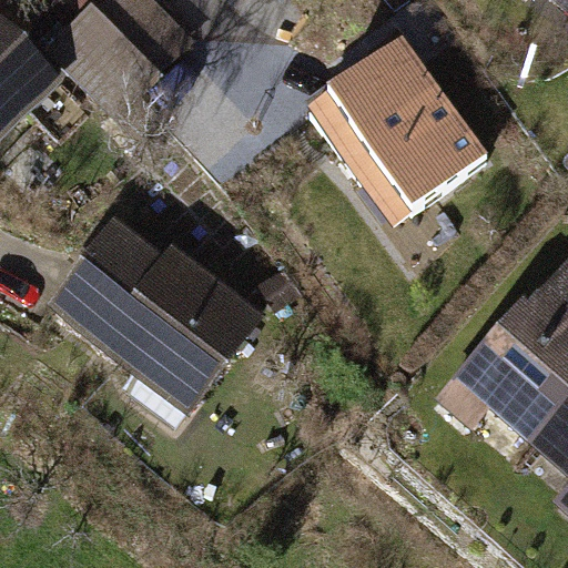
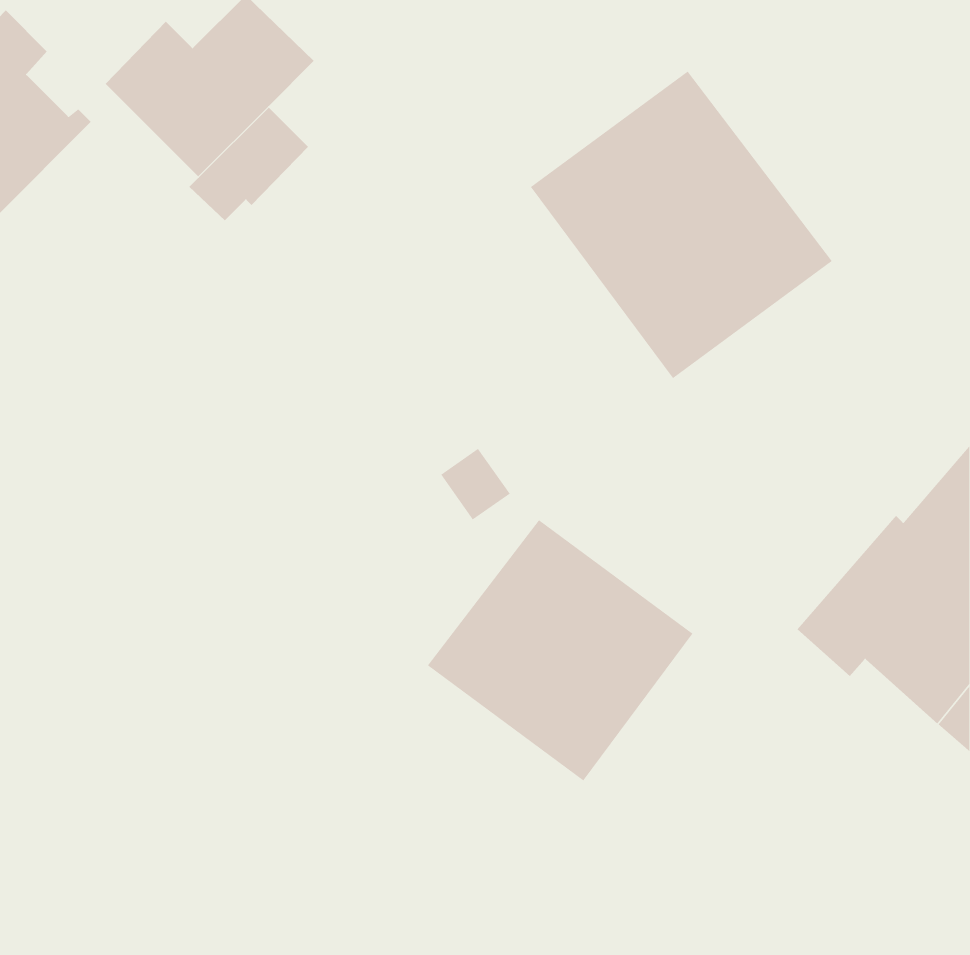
building: [54,223,255,420] -> none
building: none -> [427,519,694,782]

